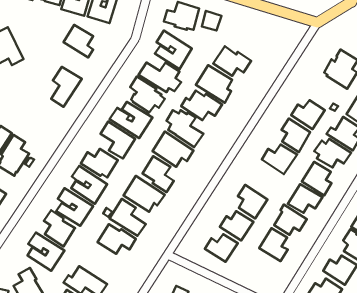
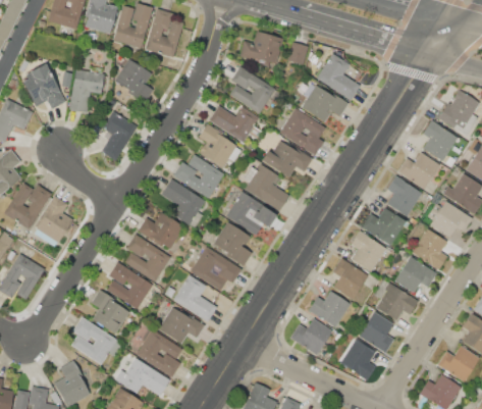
building: none -> [316,53,360,101]
building: none -> [69,66,107,112]
building: none -> [423,120,458,161]
building: none -> [351,231,387,271]
building: none -> [137,329,183,377]
building: none -> [340,340,376,380]

